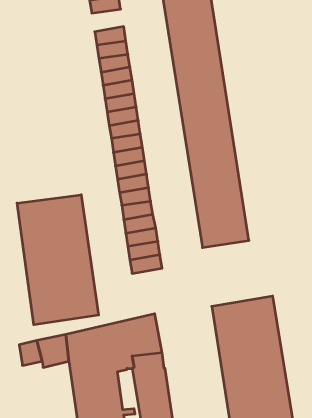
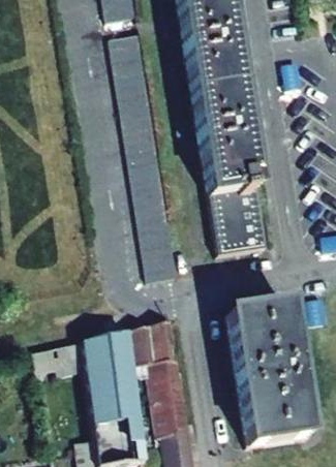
building: [17,195,99,325] -> none

